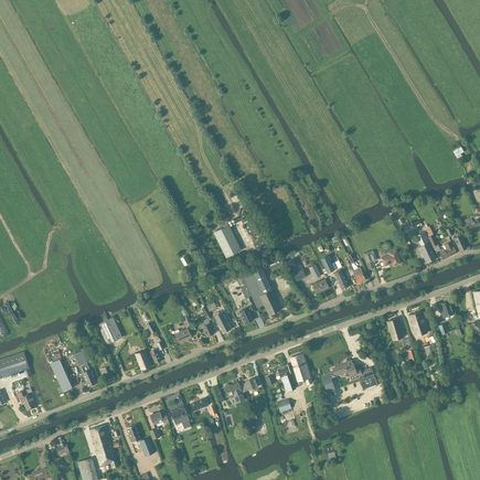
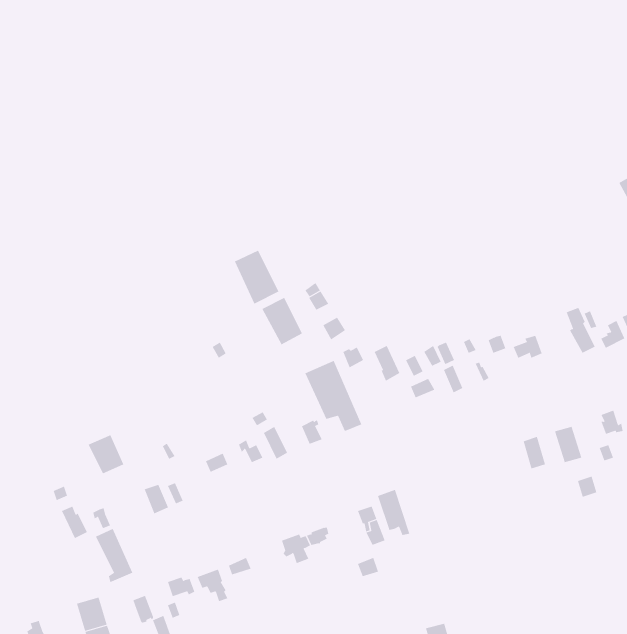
building: none -> [234,250,279,304]
building: [49,356,74,393] -> [95,528,133,583]
building: [321,359,377,393] -> none

